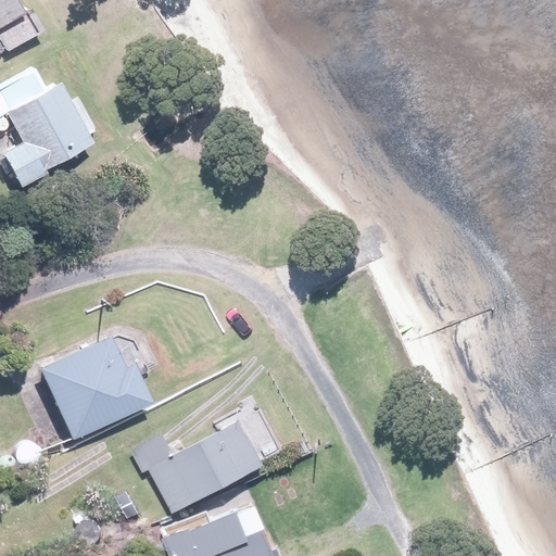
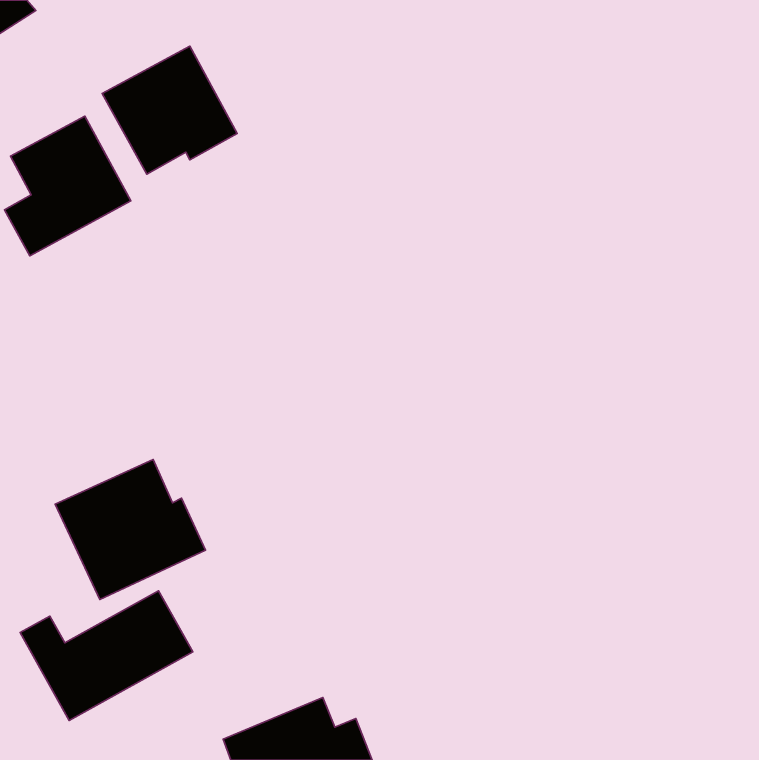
building: none -> [102,46,237,174]
building: [138,418,264,513] -> [20,591,193,720]

